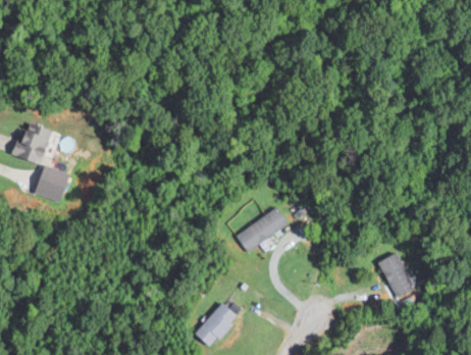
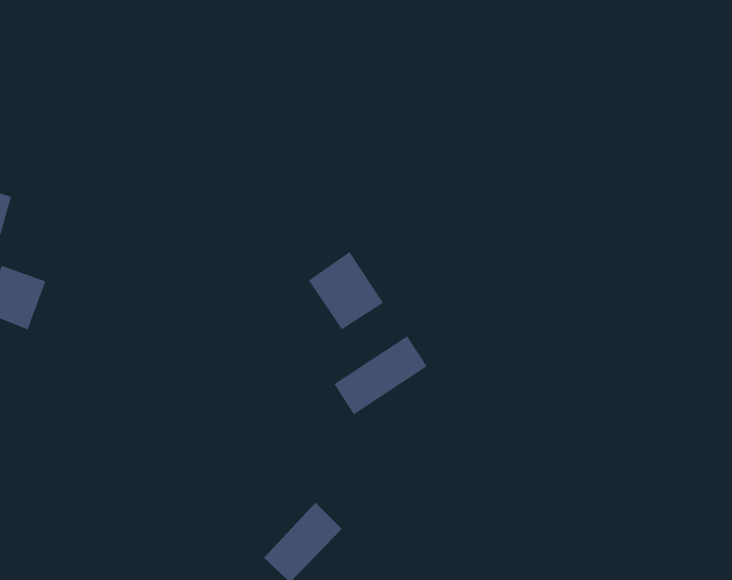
building: none -> [308,251,384,330]
building: [375,254,411,299] -> none

